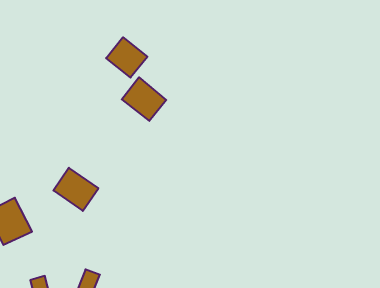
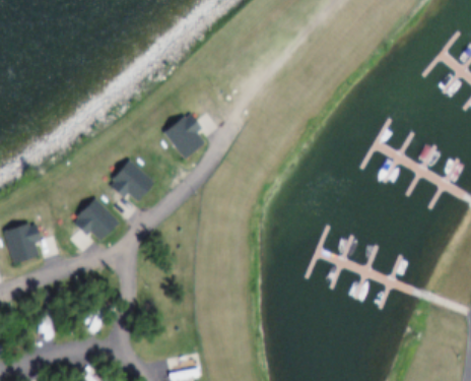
building: [106,37,147,78] -> none
building: none -> [108,157,154,204]

